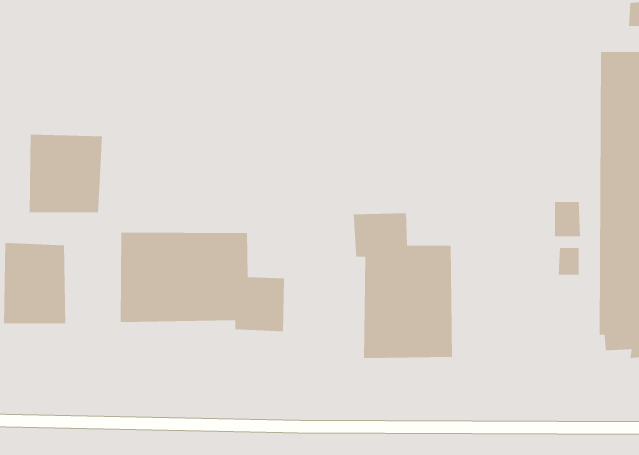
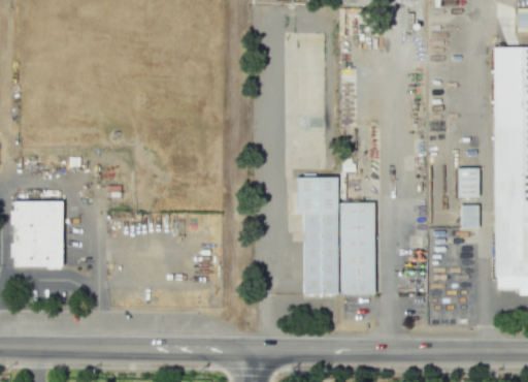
building: [29,134,103,213] -> none
building: [120,232,285,332] -> none

